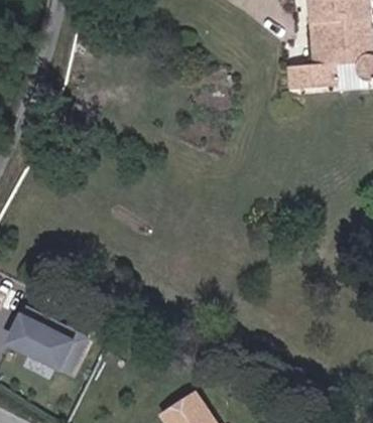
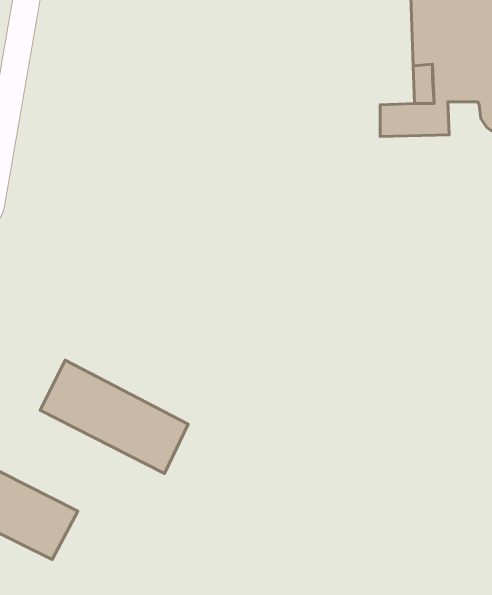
building: none -> [40,360,188,473]

